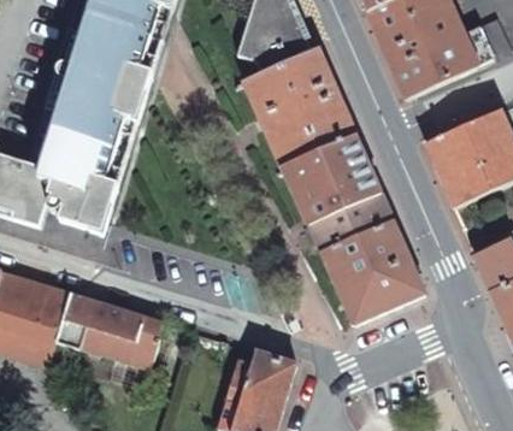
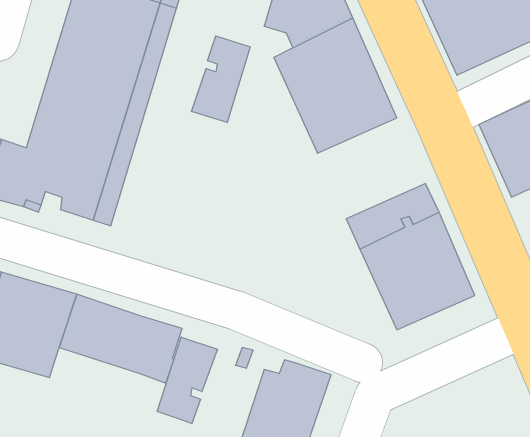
building: none -> [191,36,250,123]
building: [284,137,379,226] -> none
building: none -> [157,337,217,424]

